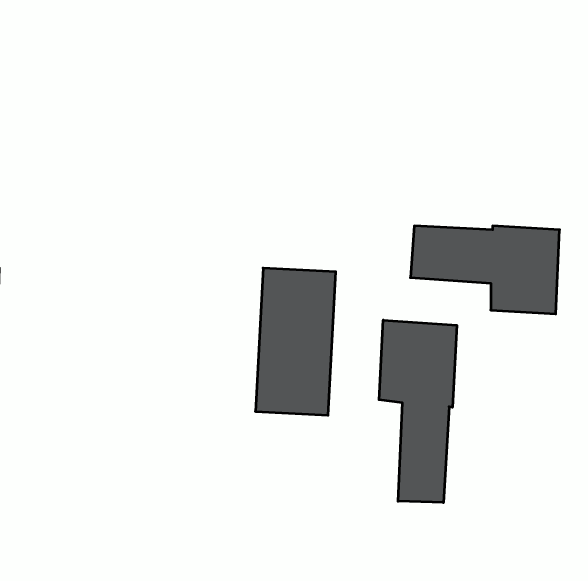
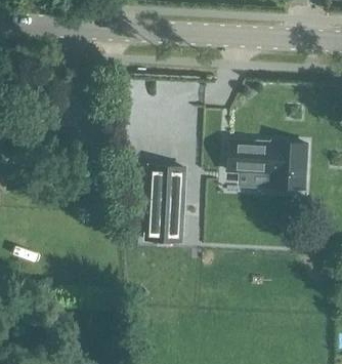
building: [379,320,457,503] -> none

